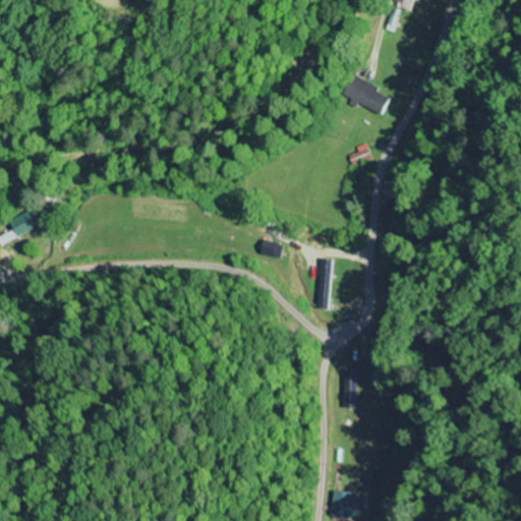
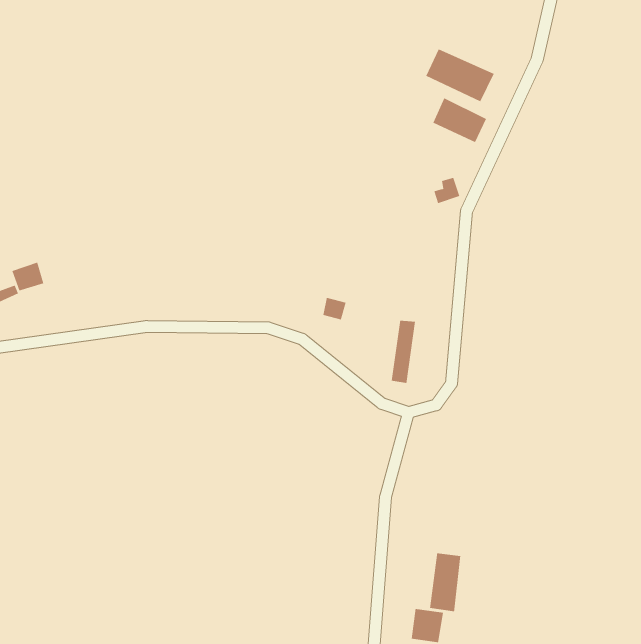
building: none -> [425,48,495,102]
building: none -> [429,552,461,612]

